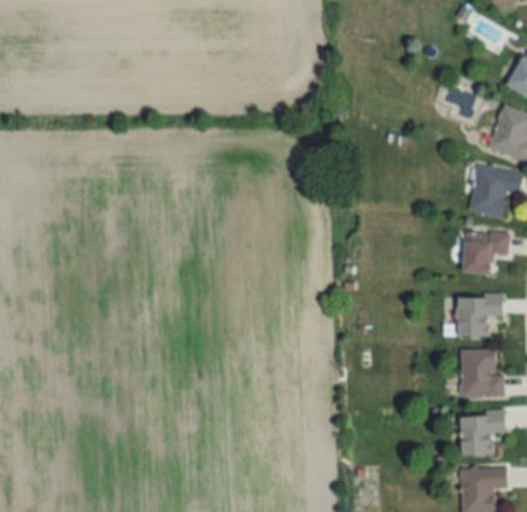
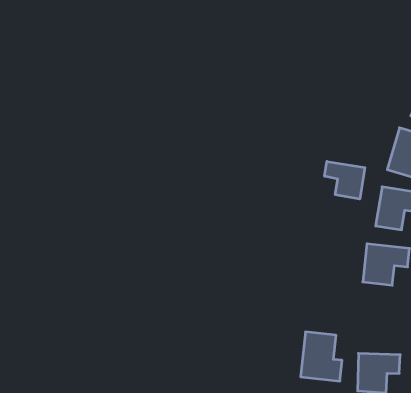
building: none -> [325,161,365,199]
building: [462,348,505,397] -> [301,332,342,381]

